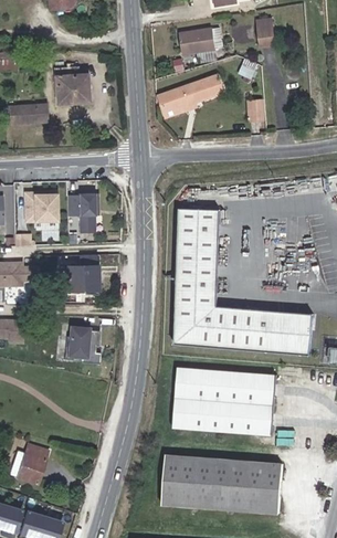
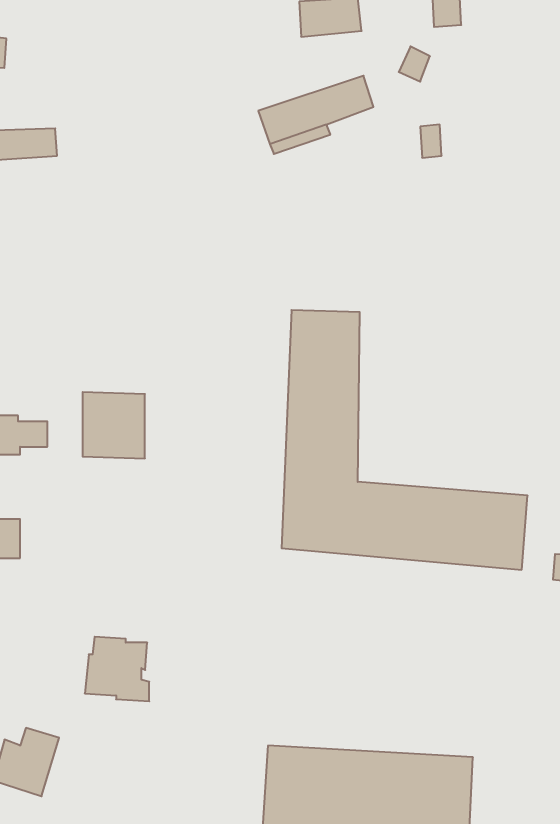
building: [54,65,87,104] -> none
building: [30,197,62,226] -> none
building: [67,200,95,240] -> none
building: [65,328,102,365] -> [85,637,149,701]
building: [169,366,276,436] -> none

